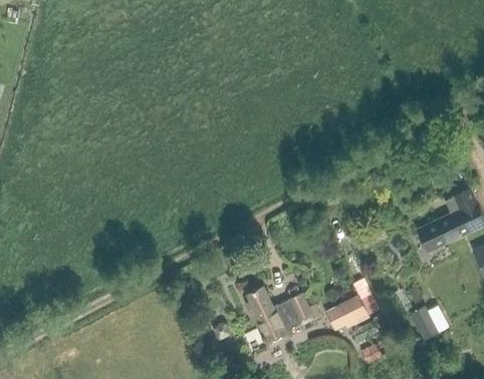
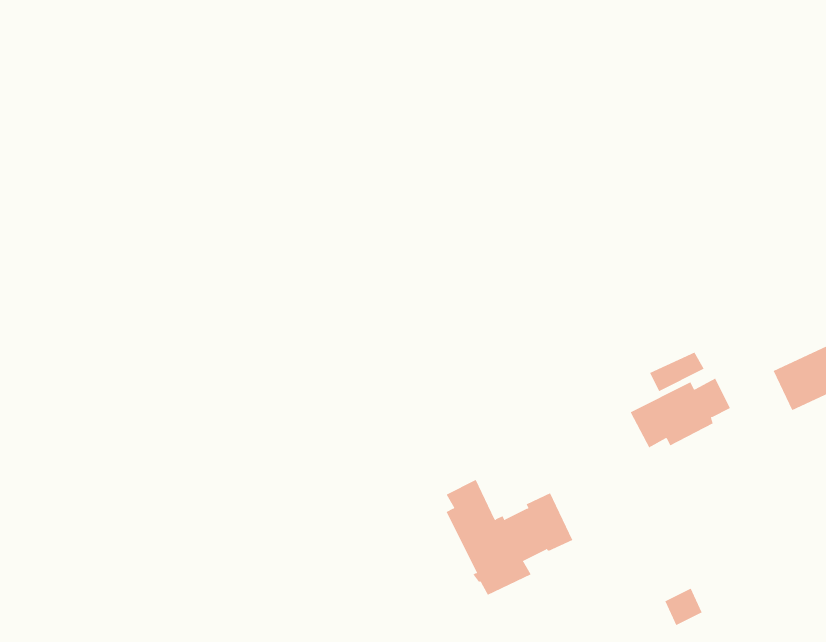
building: [325,292,379,329] -> [630,378,731,448]
building: [410,304,440,340] -> none

